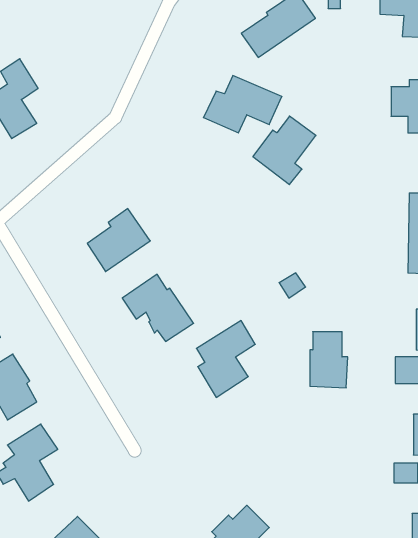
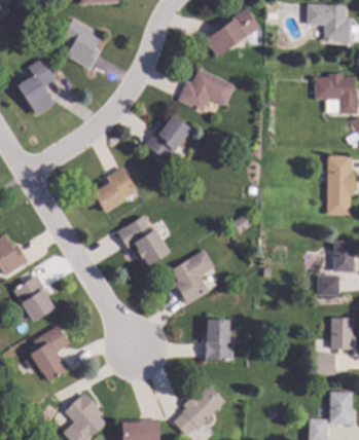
building: none -> [62,19,102,68]
building: [253,116,316,185] -> [145,114,191,164]
building: [310,332,348,388] -> [206,319,234,360]

